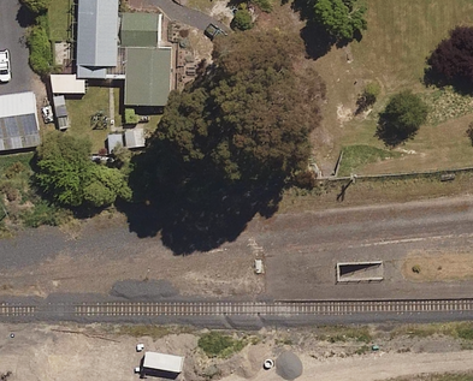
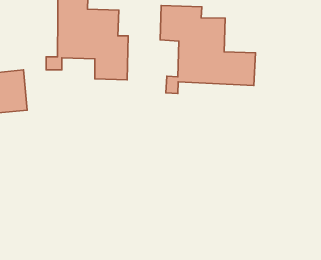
building: none -> [160,5,256,94]

